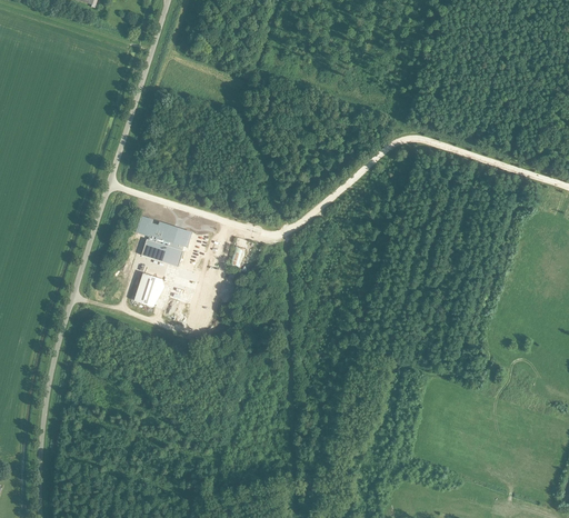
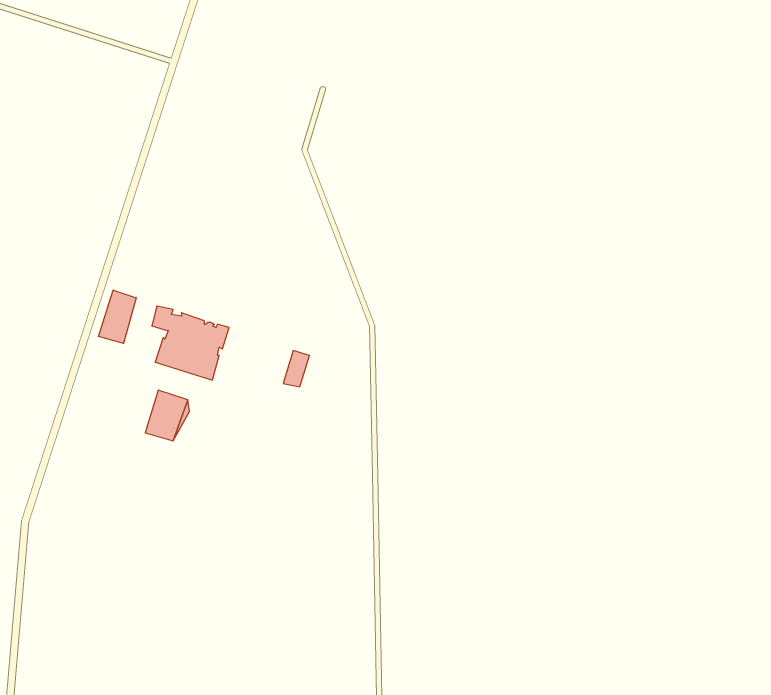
building: none -> [99,290,136,343]

